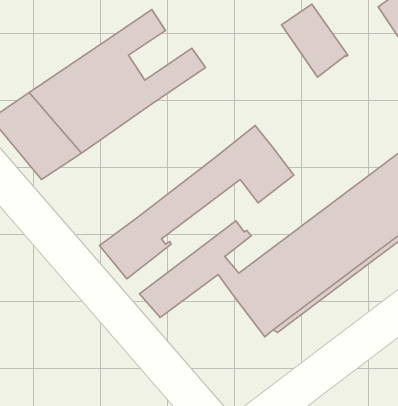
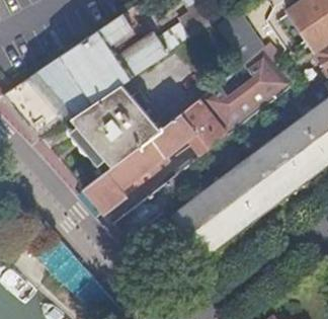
building: none -> [209,62,294,135]
building: none -> [69,83,166,166]

